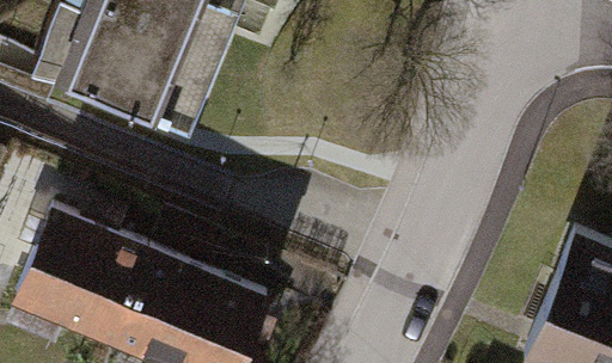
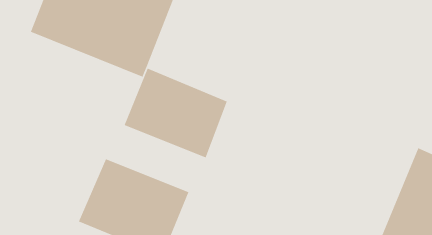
building: none -> [124,68,228,159]
building: [16,213,147,340] -> none

